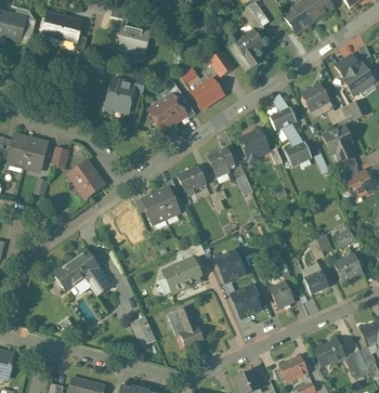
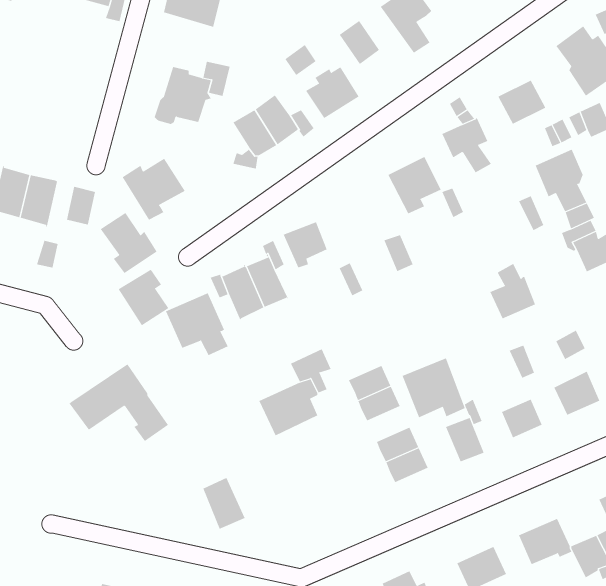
building: none -> [122,158,186,220]
building: [284,133,311,166] -> [489,263,536,319]
building: [207,147,233,175] -> none
building: none -> [118,269,169,326]
building: none -> [402,358,465,418]
building: [167,304,204,350] -> none

